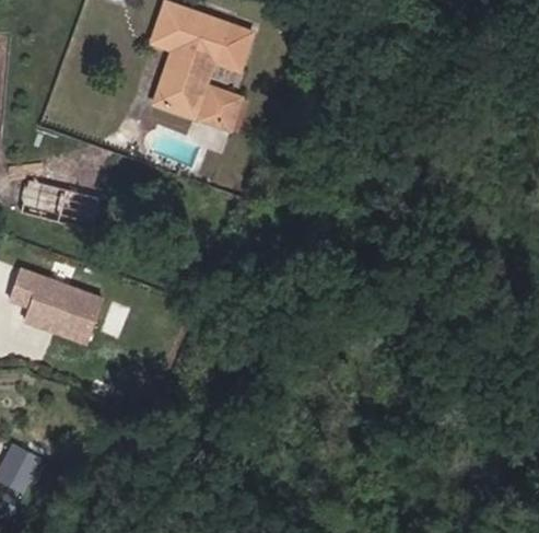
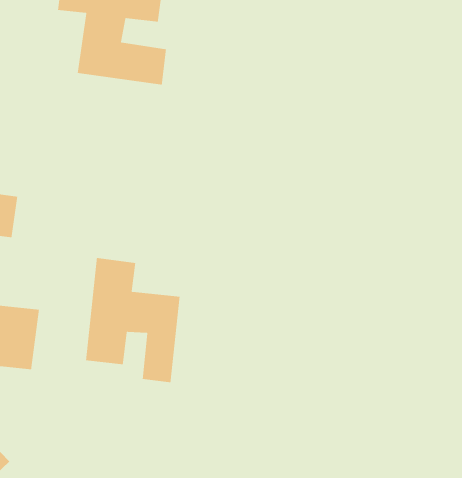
building: none -> [85,257,181,383]

